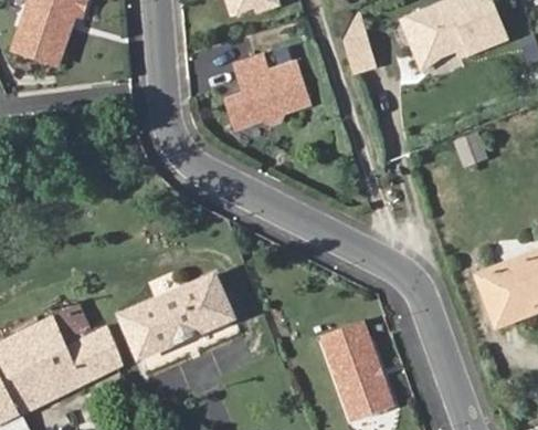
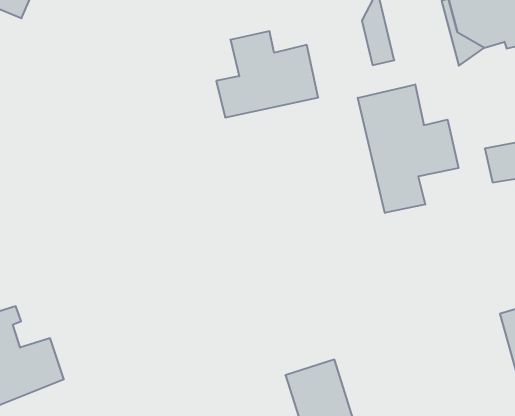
building: none -> [358,84,459,213]
building: [123,275,232,356] -> none

